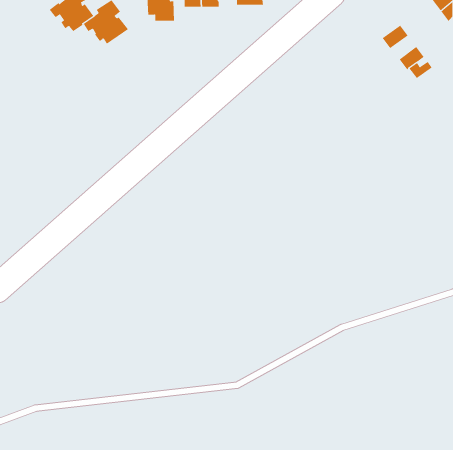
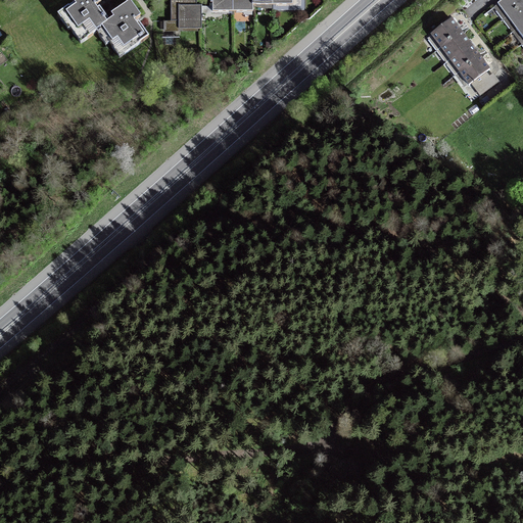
building: none -> [430,15,461,44]
building: none -> [448,41,479,68]

